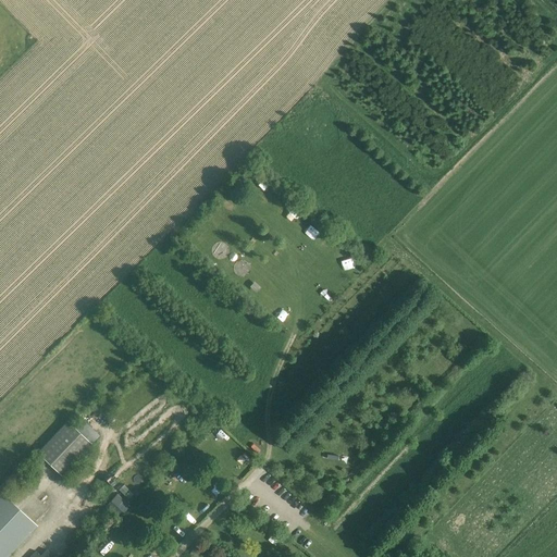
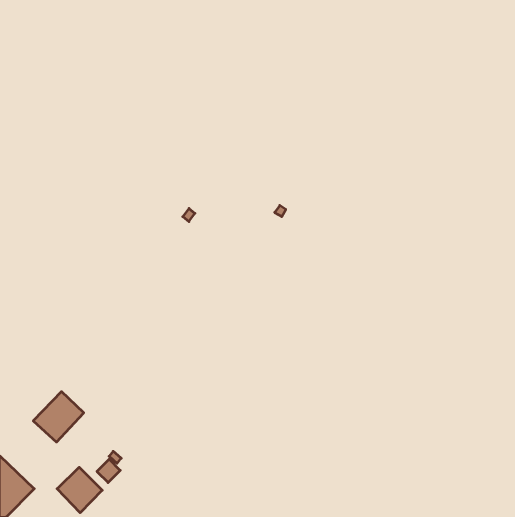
building: none -> [57,467,102,513]

